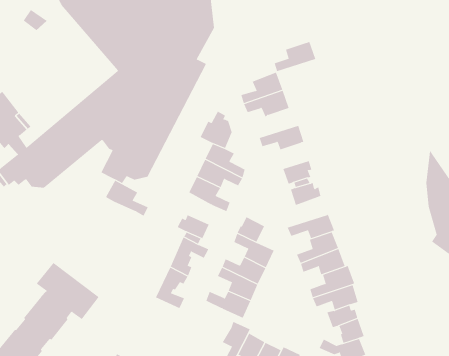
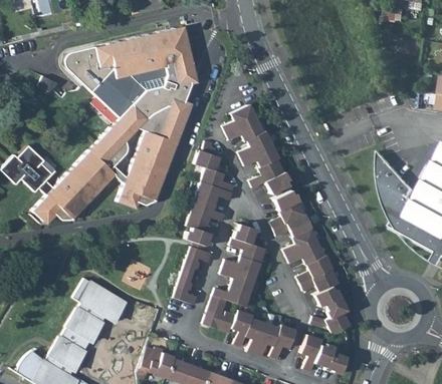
building: [274,41,316,72] -> [239,130,273,158]
building: none -> [250,158,284,187]
building: [105,180,149,216] -> [184,210,220,237]
building: none -> [270,201,304,229]
building: none -> [204,296,237,333]

